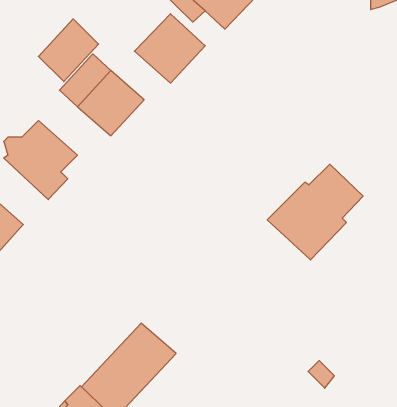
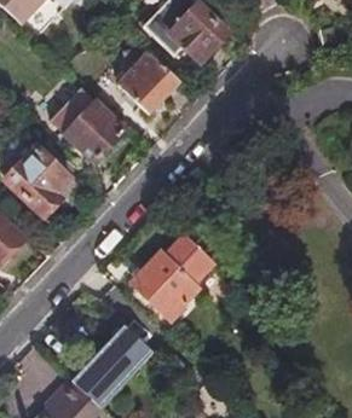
building: [38,19,99,82] -> none
building: [267,164,363,260] -> [133,233,217,317]

